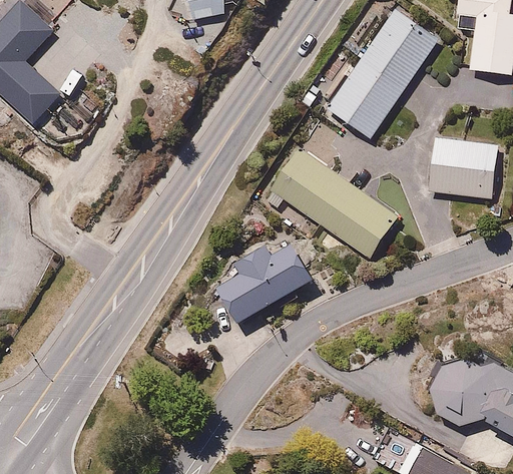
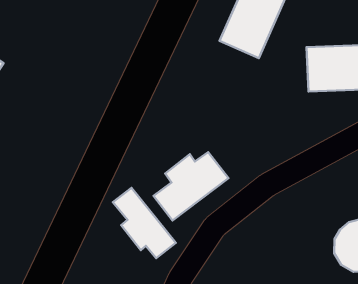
building: [263,141,402,258] -> none
building: none -> [113,188,176,258]

